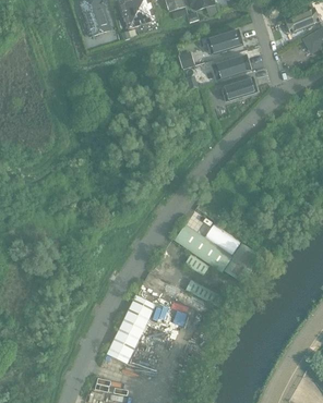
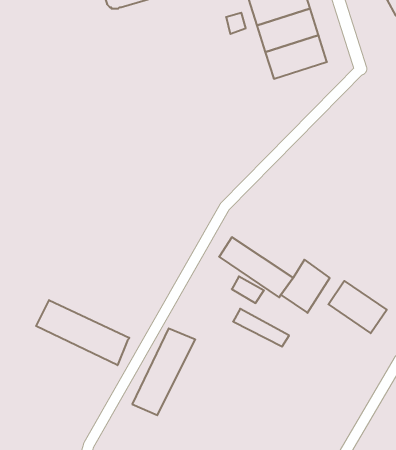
building: [203,221,240,254] -> none
building: none -> [328,281,387,333]
building: none -> [36,300,129,365]

